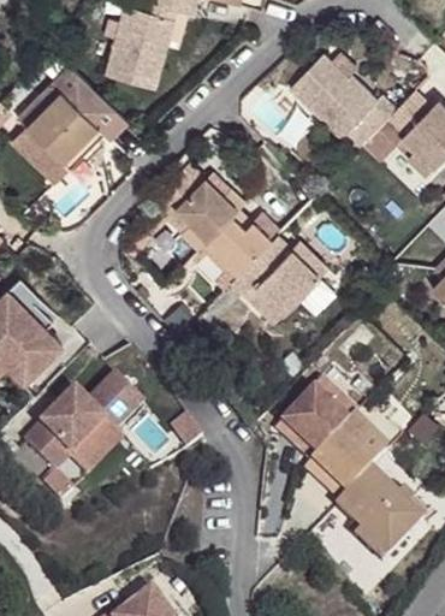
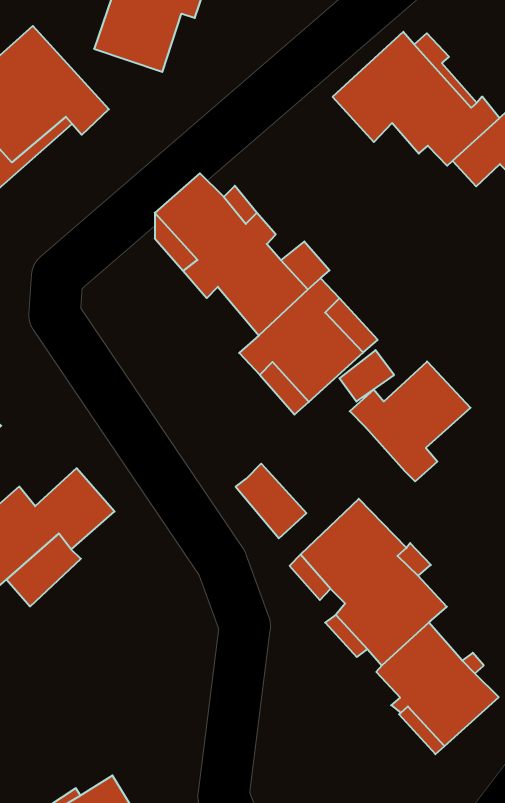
building: none -> [350,361,471,481]
building: none -> [236,464,306,538]

